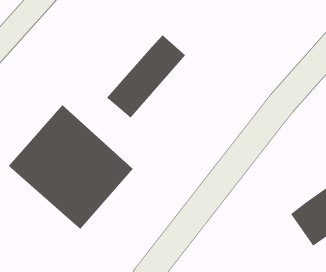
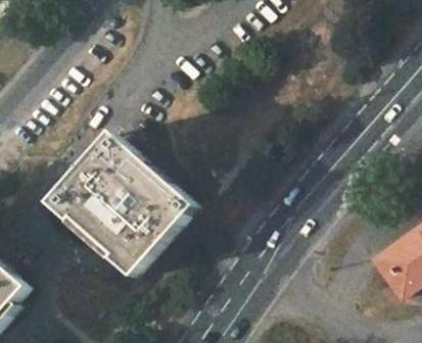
building: [106,35,186,118] -> none

